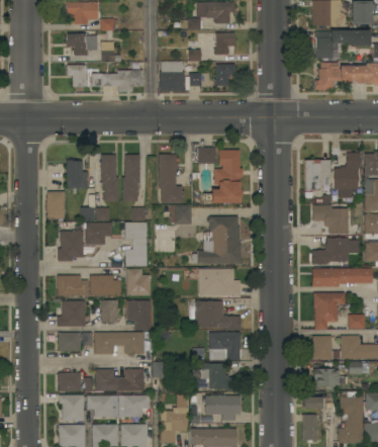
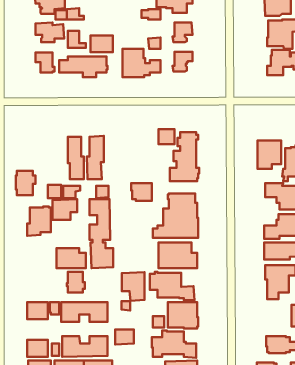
building: none -> [90,36,113,52]
building: [158,155,184,204] -> none
building: [66,160,87,188] -> none
building: [57,275,88,296] -> none
building: [126,300,151,331] -> [122,272,145,301]
building: [58,301,85,327] -> none
building: [312,336,340,360] -> none

